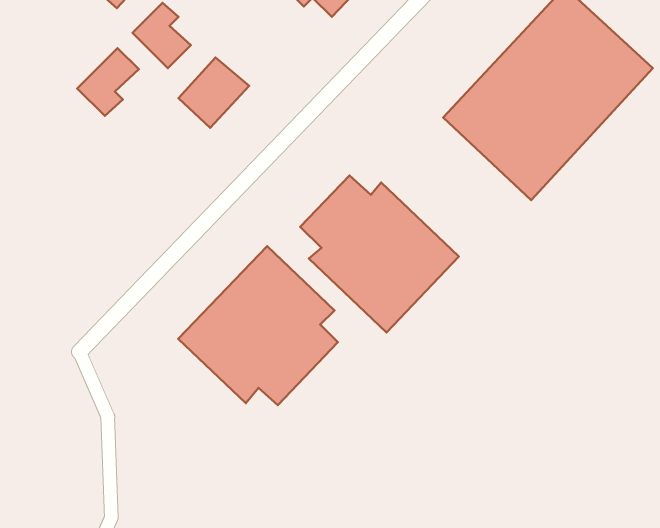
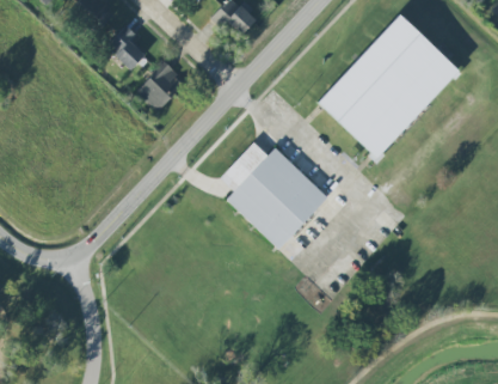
building: [77,48,139,116] -> none
building: [178,246,338,405] -> none

